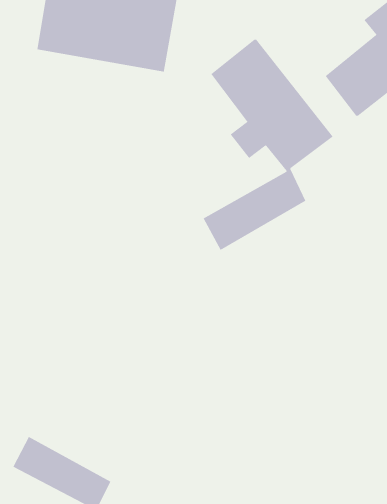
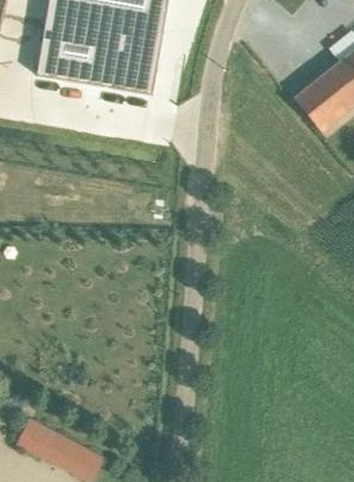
building: [203,39,333,251] -> none

